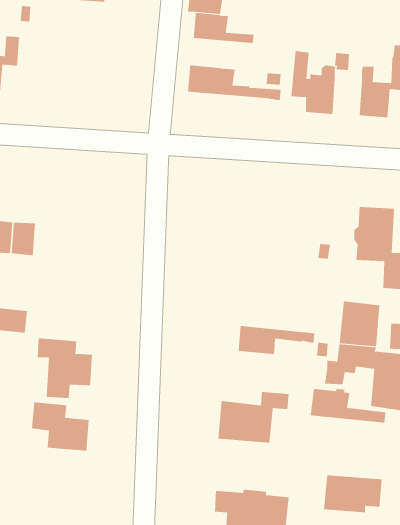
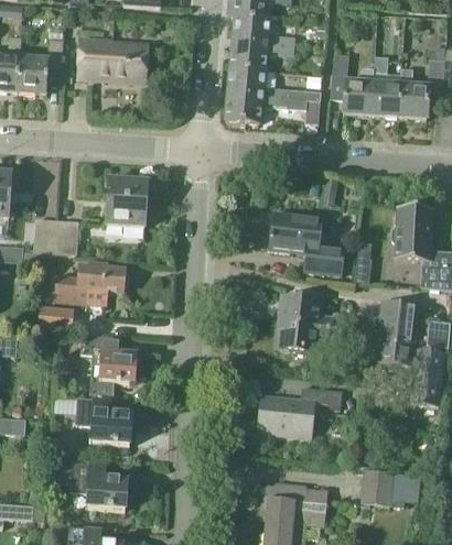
building: none -> [79,40,148,81]
building: none -> [232,40,294,69]
building: none -> [373,80,400,116]
building: none -> [227,92,308,122]
building: none -> [107,177,150,227]
building: none -> [269,210,345,274]
building: none -> [55,262,126,304]
building: [310,389,386,423] -> [281,295,356,329]
building: none -> [71,460,128,509]

